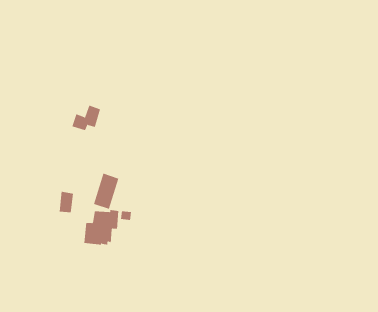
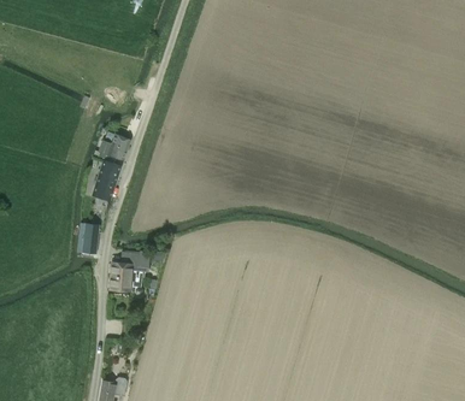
building: [93,173,119,210] -> [90,159,119,200]

